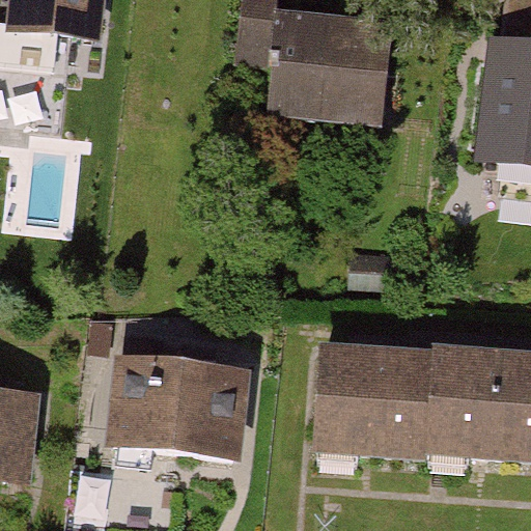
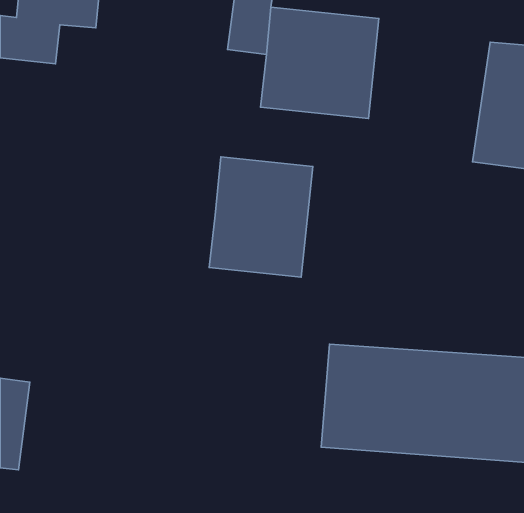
building: none -> [209,157,313,277]
building: [87,345,244,455] -> none

